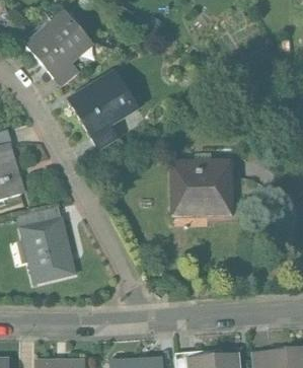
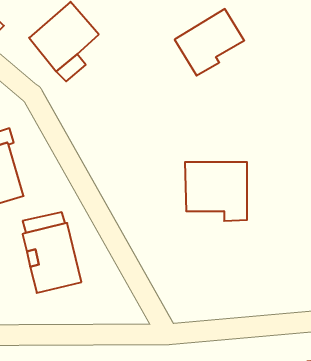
building: [71,74,136,136] -> [175,9,244,76]

